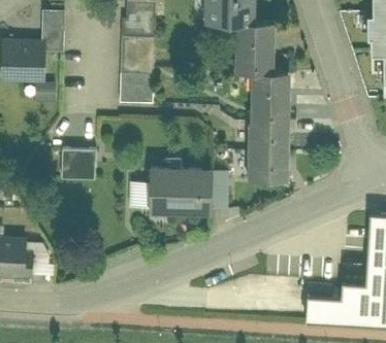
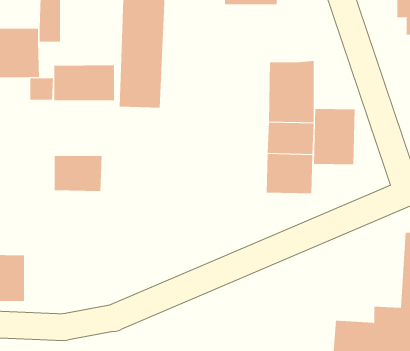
building: [237,19,276,69] -> none
building: none -> [54,64,114,101]
building: none -> [313,108,355,165]
building: [148,164,231,211] -> none

